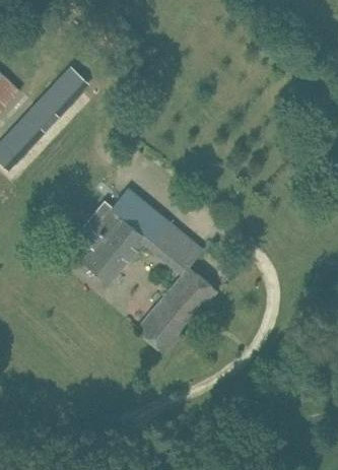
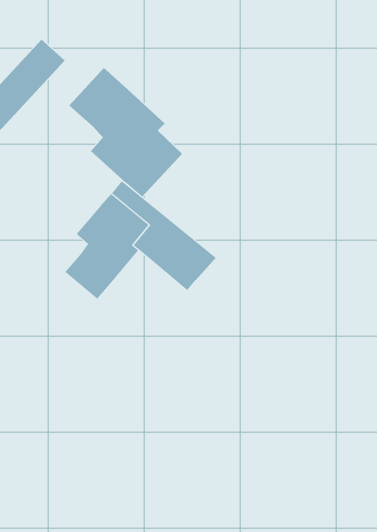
building: none -> [69,67,183,197]
building: [137,267,216,351] -> none

